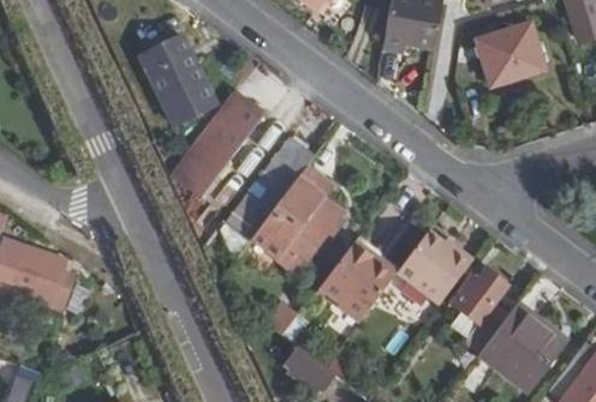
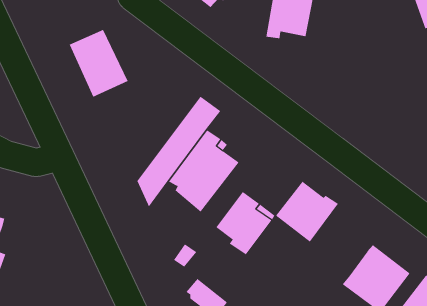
building: [477,20,546,84] -> none
building: [169,90,263,199] -> none
building: [452,266,509,346] -> none

